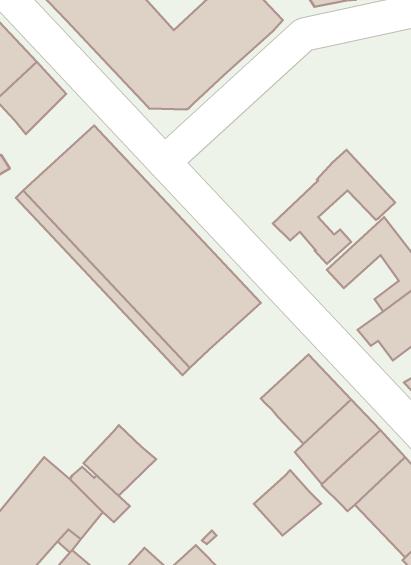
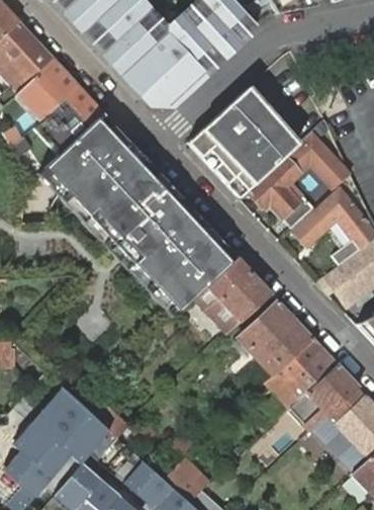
building: none -> [32,86,101,154]
building: none -> [188,89,298,198]
building: none -> [196,259,272,334]
building: [84,425,156,496] -> none
building: [254,470,321,536] -> none

